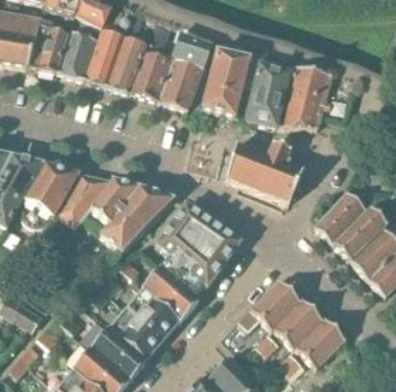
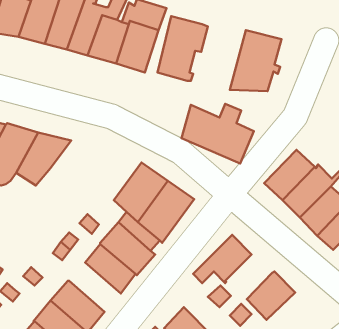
building: [246,62,289,128] -> none
building: [89,181,172,253] -> none
building: [272,299,321,350] -> none
building: [108,309,162,361] -> none

